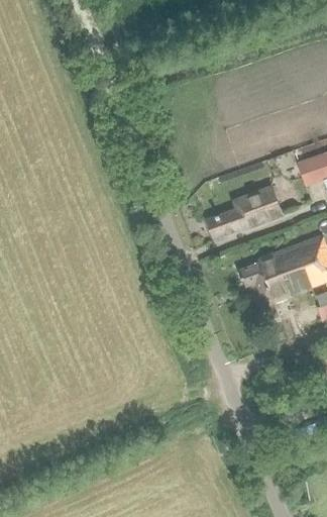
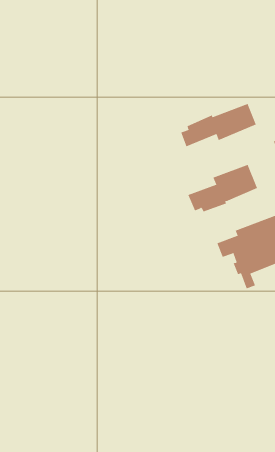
building: none -> [180,103,256,147]

